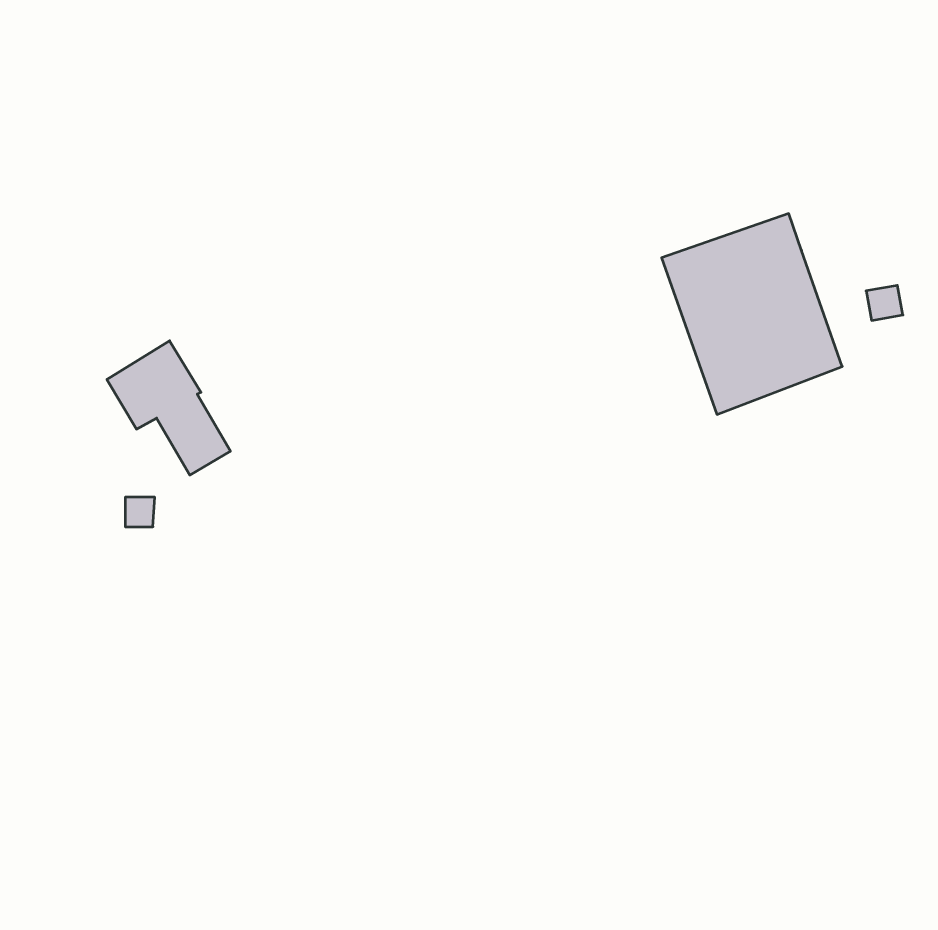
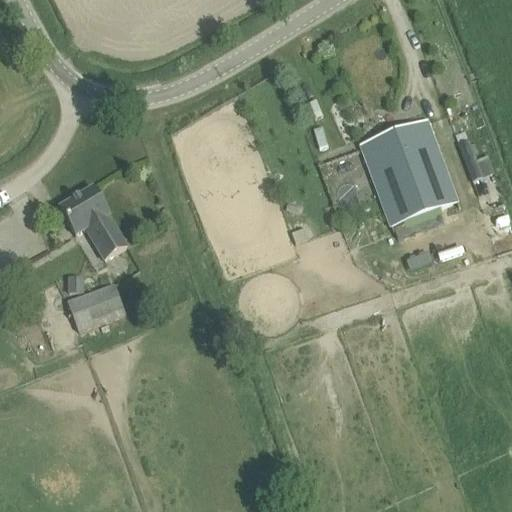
building: none -> [66,283,124,330]

